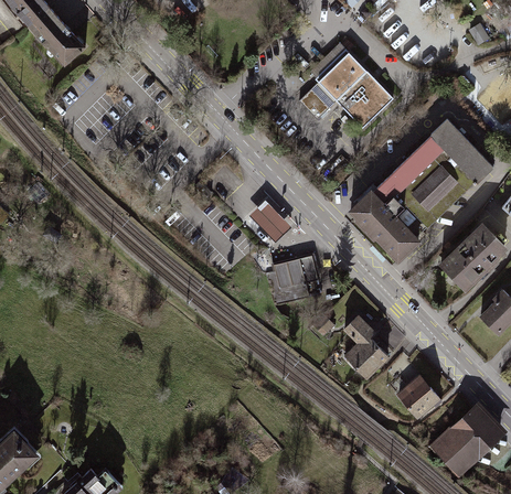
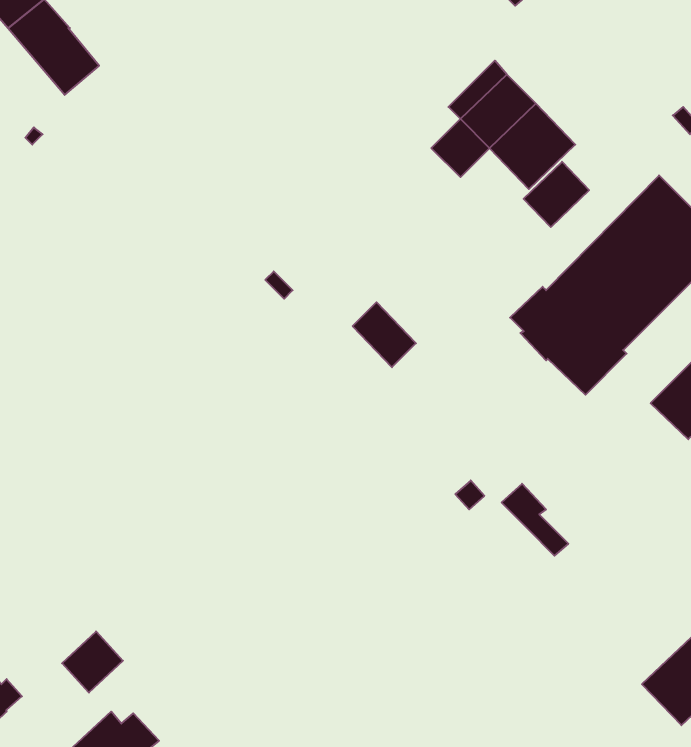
building: none -> [524,162,589,227]
building: [267,257,318,307] -> none
building: [348,346,379,376] -> none
building: [398,377,441,418] -> none
building: none -> [62,631,123,693]

